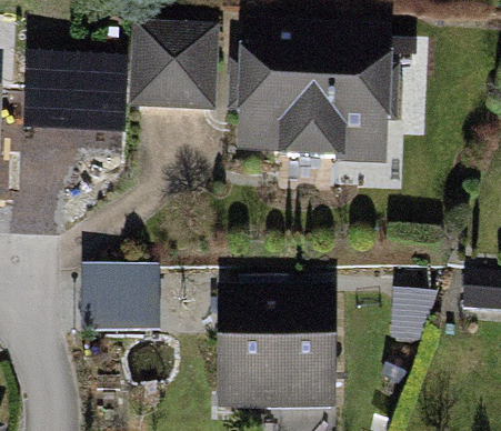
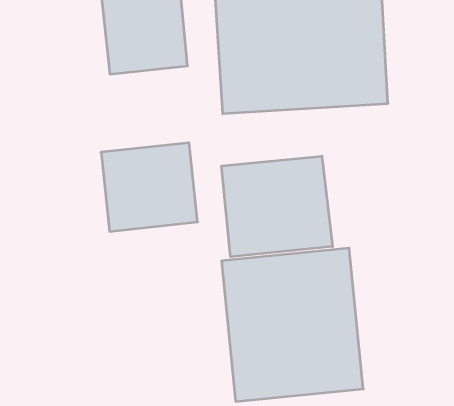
building: none -> [222,156,333,257]
building: [86,267,162,335] -> [101,143,198,231]

